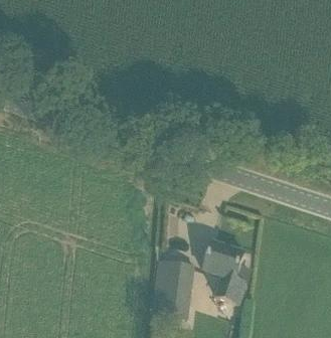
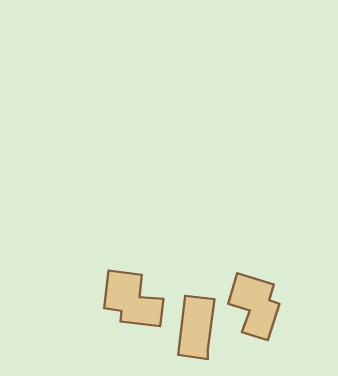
building: none -> [104,271,164,326]

